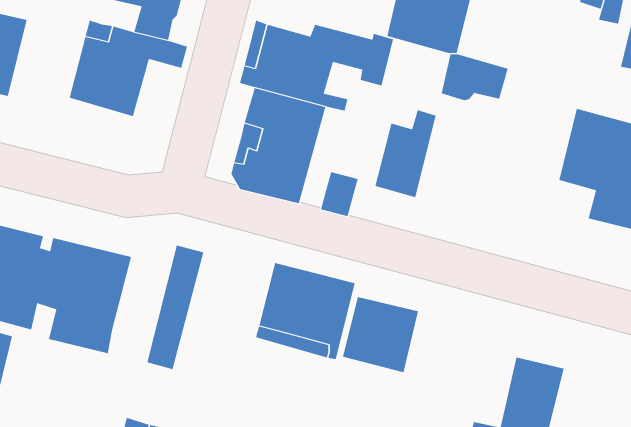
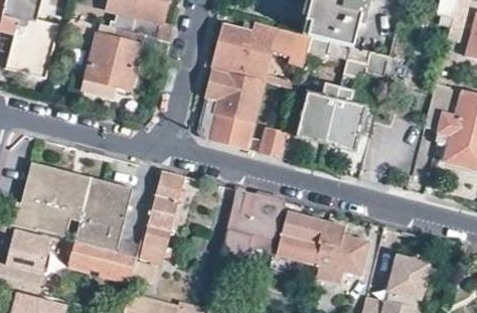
building: none -> [326,89,366,152]
building: none -> [314,222,368,288]
building: none -> [65,240,137,278]

